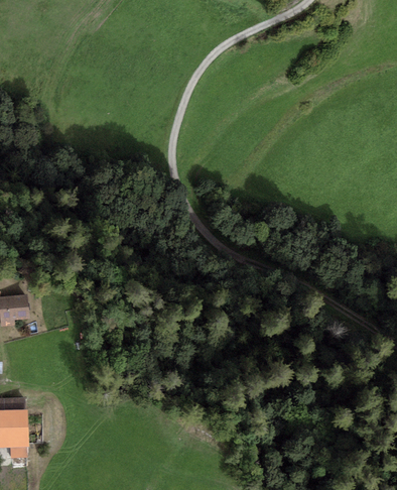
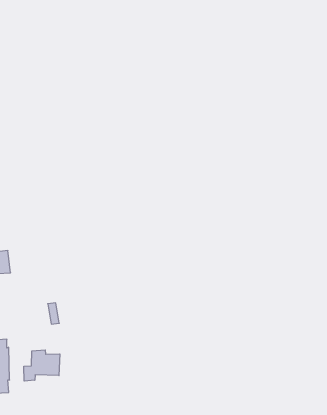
building: none -> [24,350,60,381]

